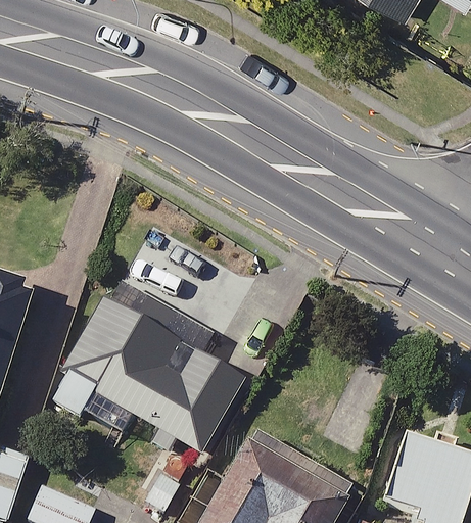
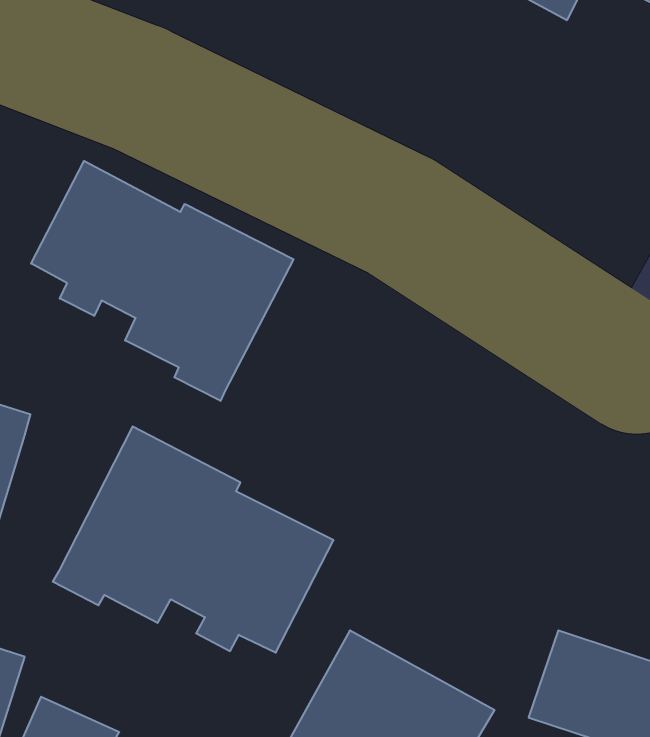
building: none -> [31,161,293,401]

